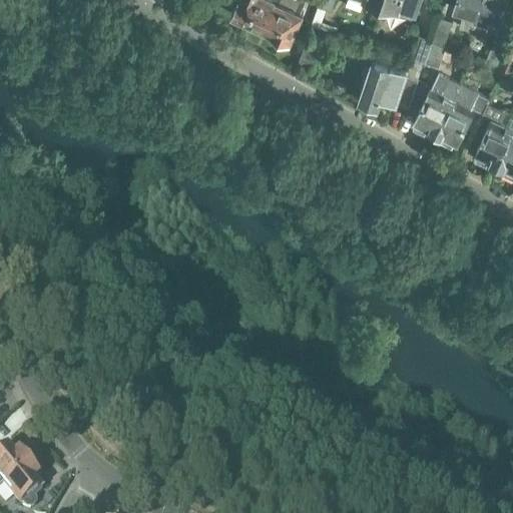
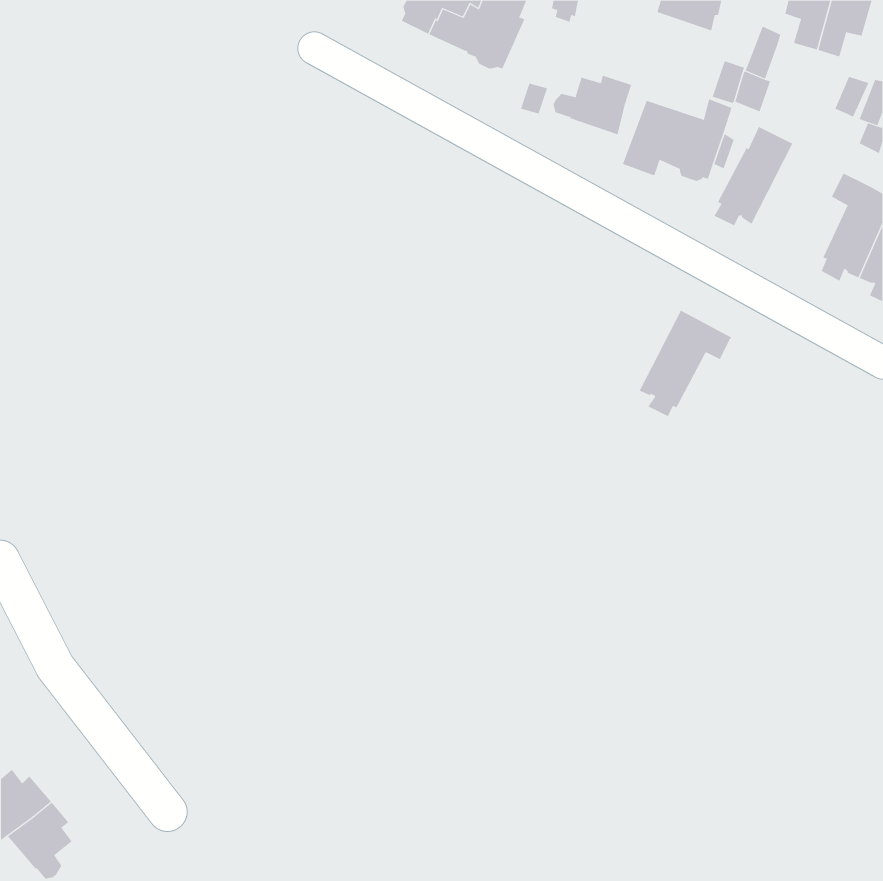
building: none -> [553,75,632,135]
building: [436,84,490,146] -> [639,310,732,417]

